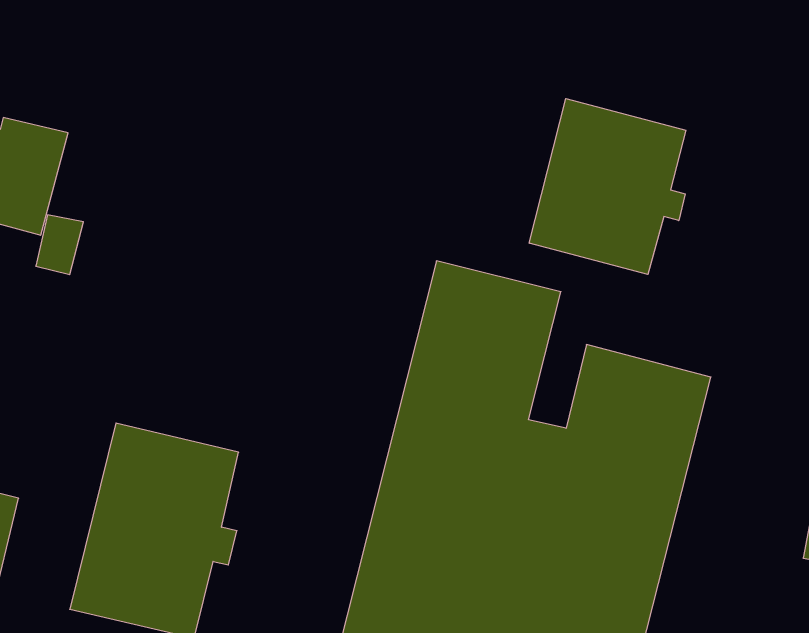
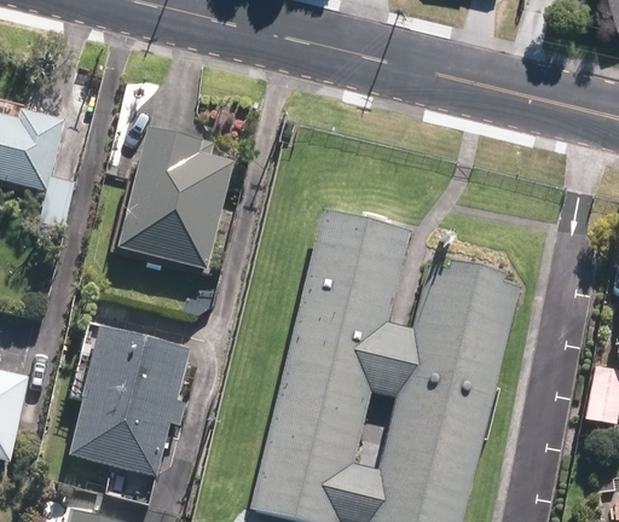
building: [529,99,686,274] -> none
building: none -> [116,124,231,265]

